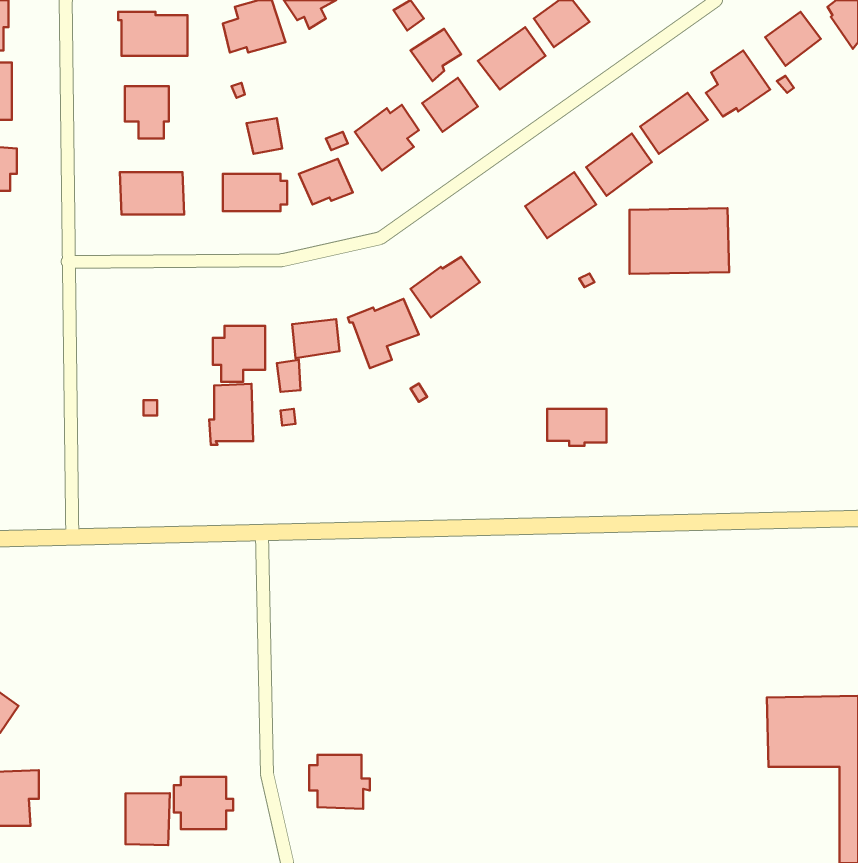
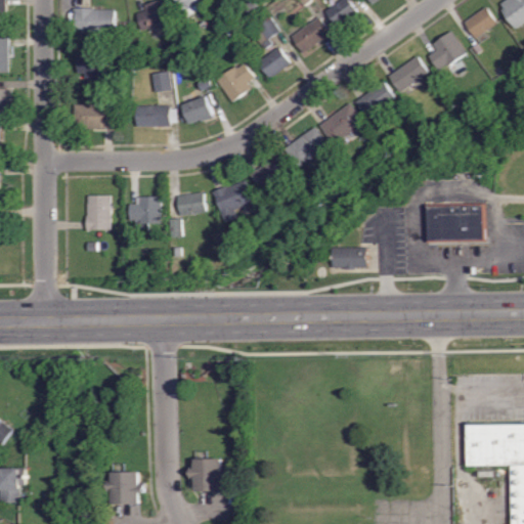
building: [629,208,729,274] -> [426,204,486,244]
building: none -> [283,127,329,169]
building: [209,384,253,445] -> [84,195,111,232]
building: [126,793,170,845] -> none

